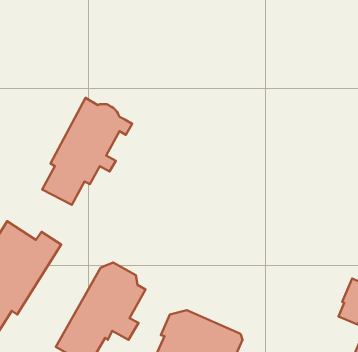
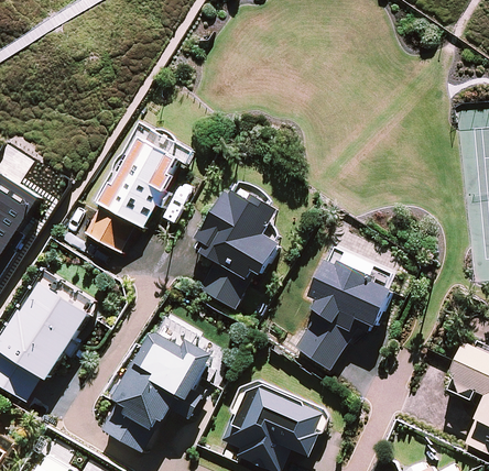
building: none -> [193,184,279,310]
building: none -> [292,248,395,373]

